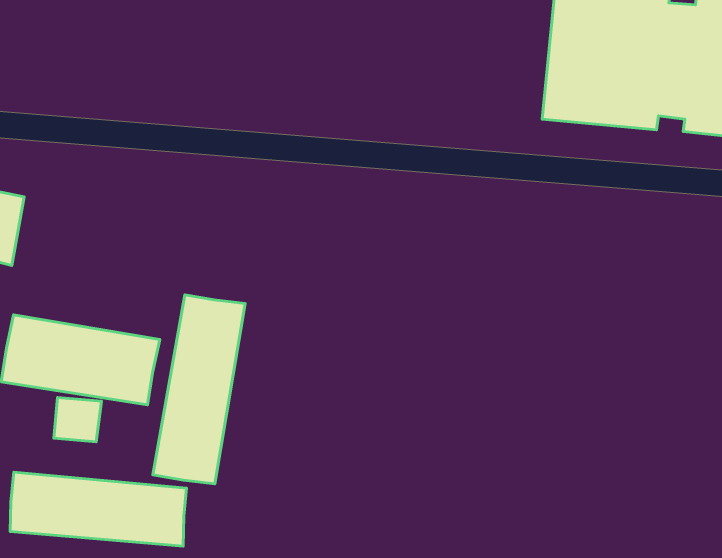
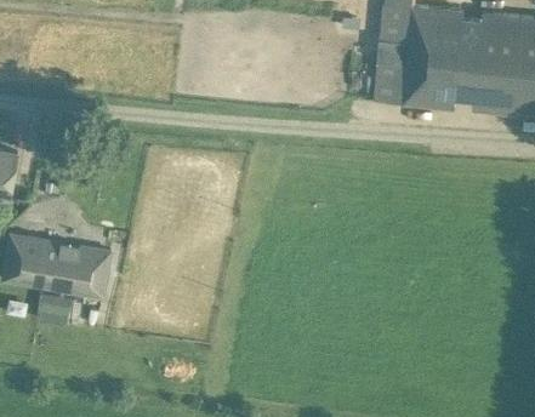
building: [153,295,245,484] -> none
building: [10,472,186,546] -> none

